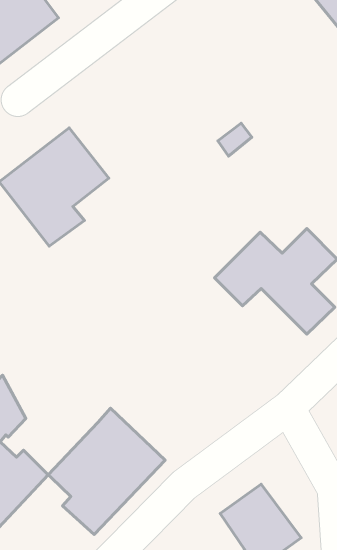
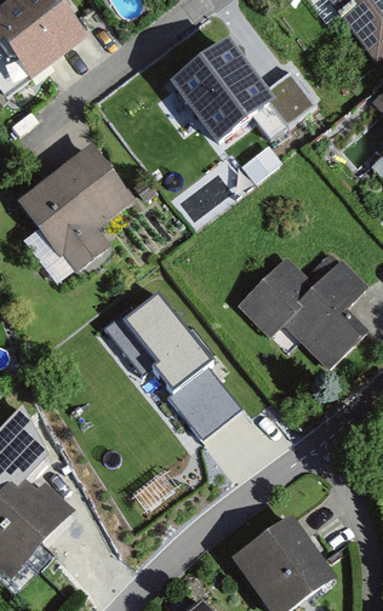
building: none -> [176,45,316,139]
building: none -> [102,292,234,436]
building: [48,408,165,535] -> none

